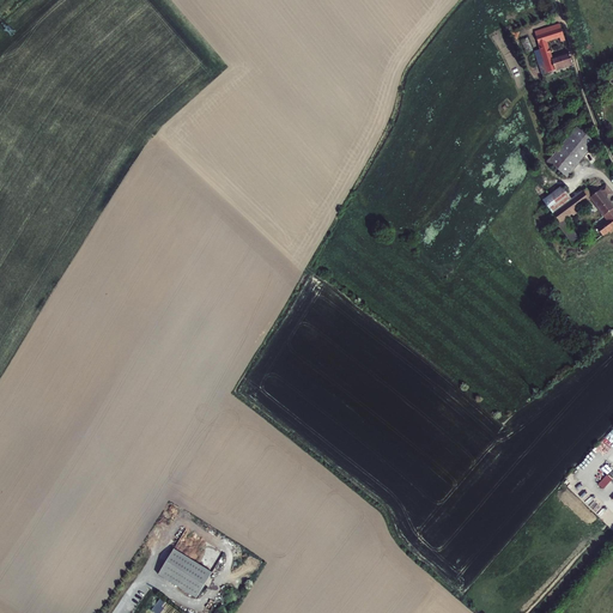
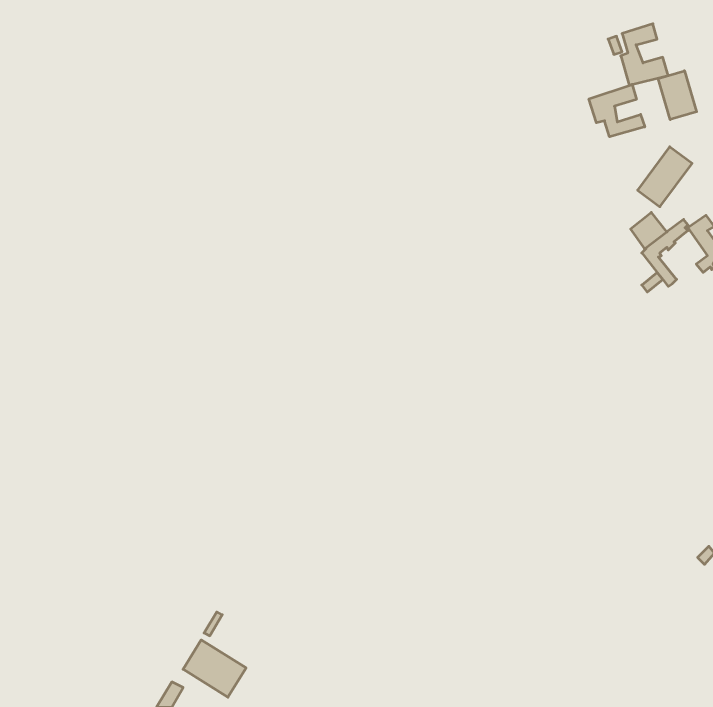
building: none -> [658,71,697,120]
building: none -> [589,84,645,137]

